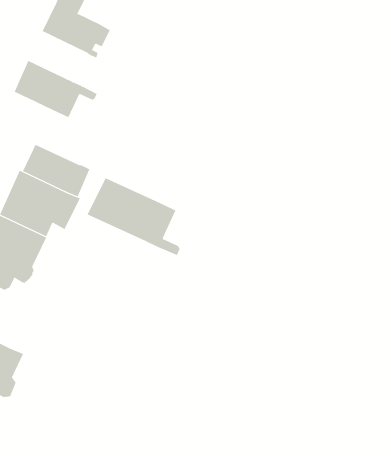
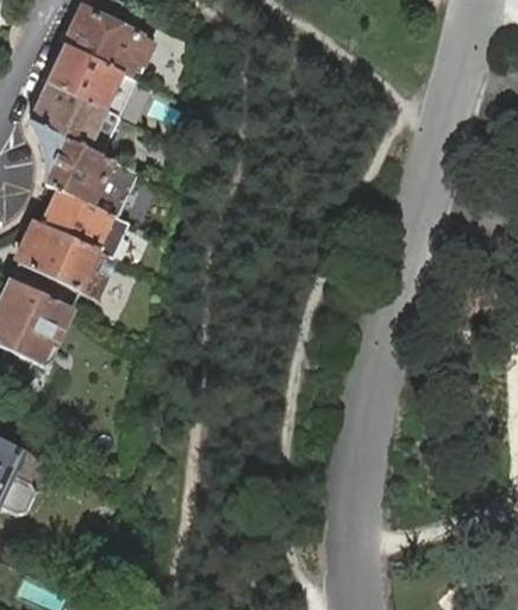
building: none -> [45,43,150,113]
building: none -> [27,120,136,214]
building: [87,178,180,256] -> none

